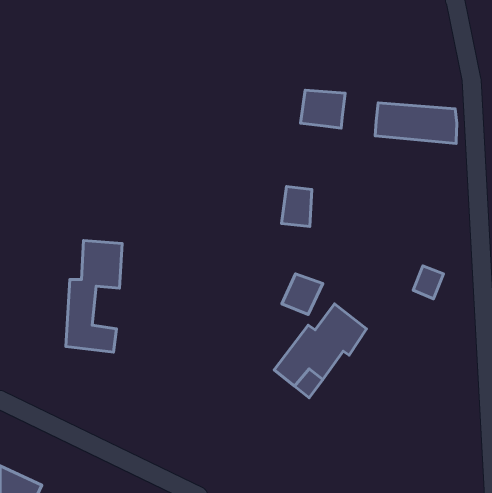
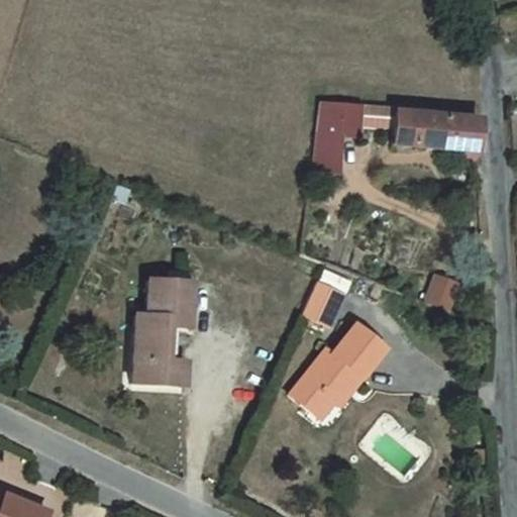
building: none -> [360,100,398,129]
building: [282,187,312,226] -> [312,131,343,173]
building: [66,241,122,352] -> [136,275,195,391]

